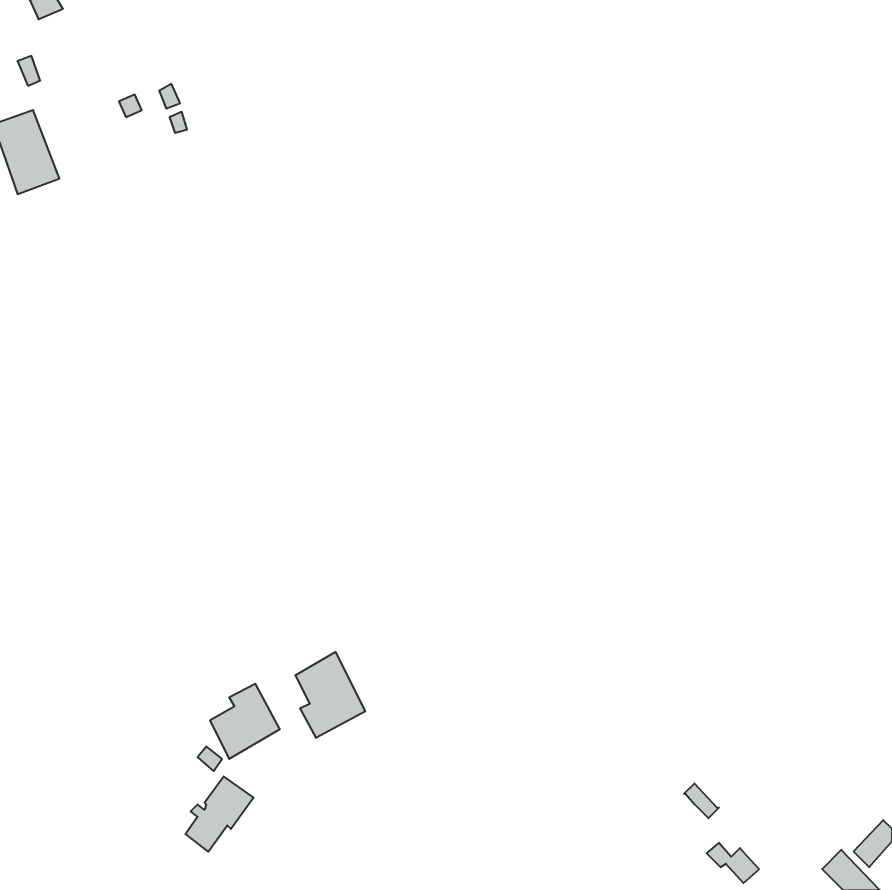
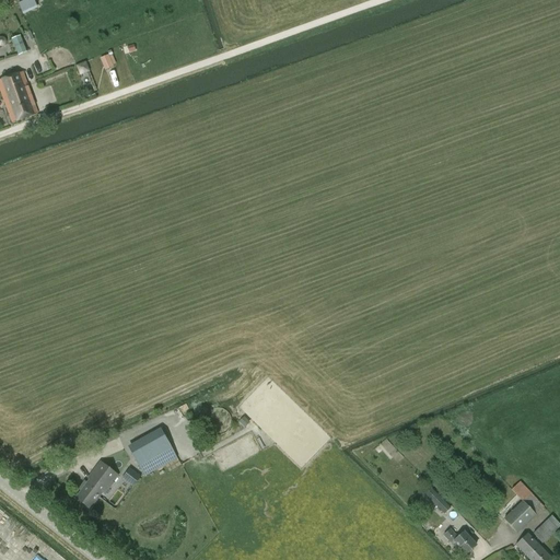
building: [295,652,365,738] -> none
building: none -> [503,480,542,532]
building: [185,776,254,852] -> [74,460,117,508]

